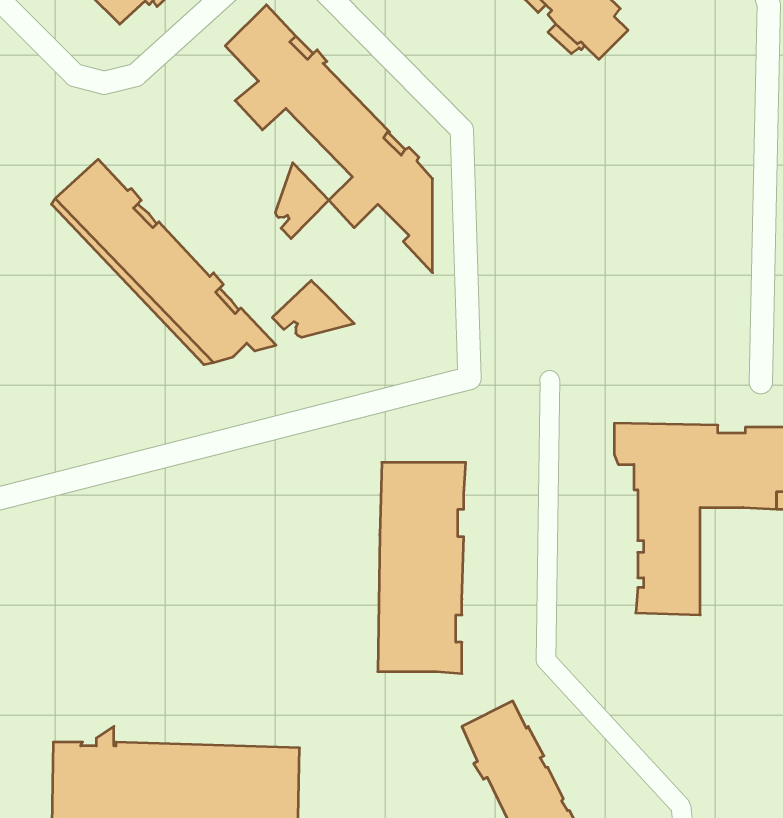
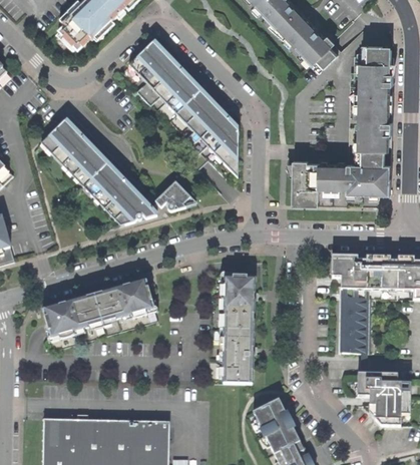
building: none -> [293,42,395,203]
building: [275,163,329,239] -> none
building: none -> [43,278,158,348]
building: none -> [346,371,411,424]

